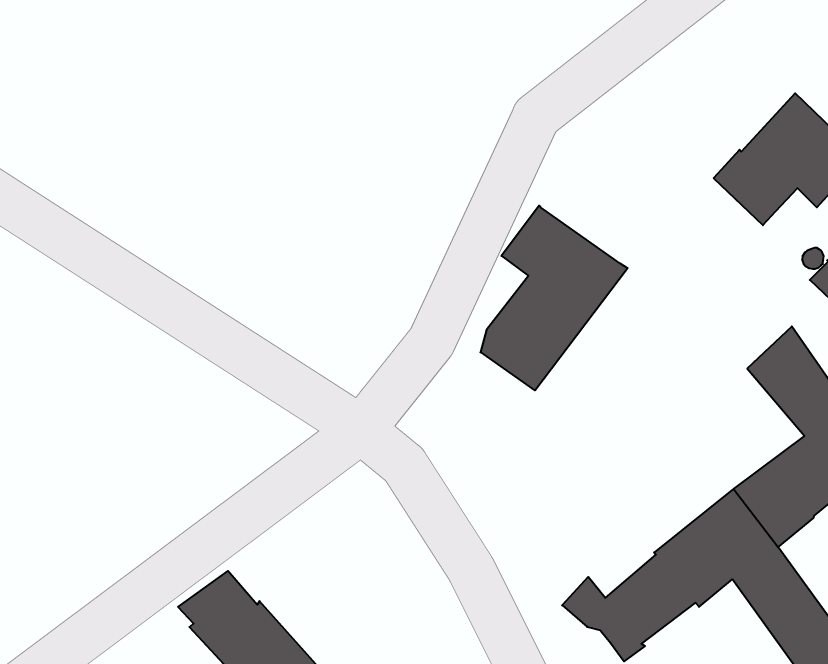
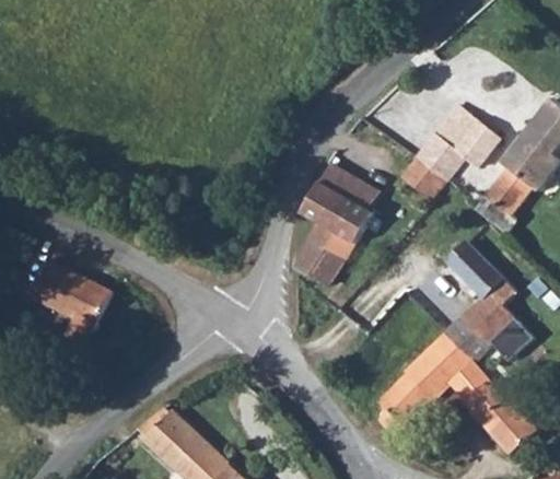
building: none -> [320,164,380,211]
building: none -> [401,157,447,202]
building: none -> [27,262,113,346]

